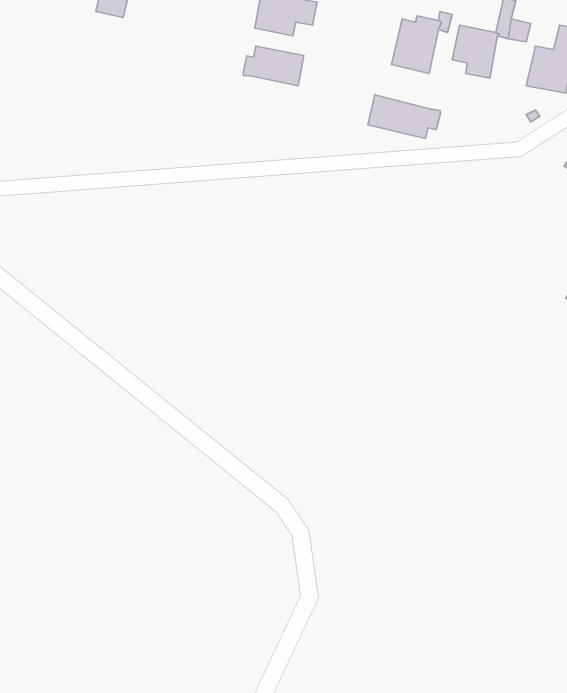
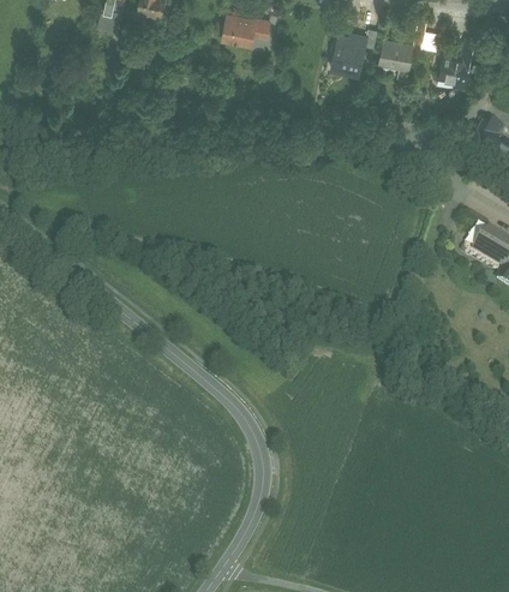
building: [243,46,304,86] -> none
building: [368,95,440,139] -> none

